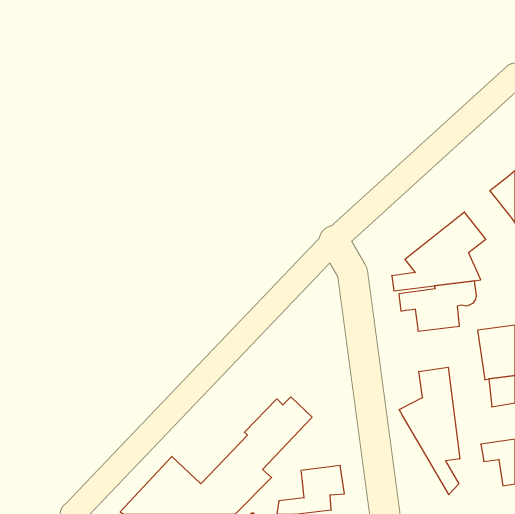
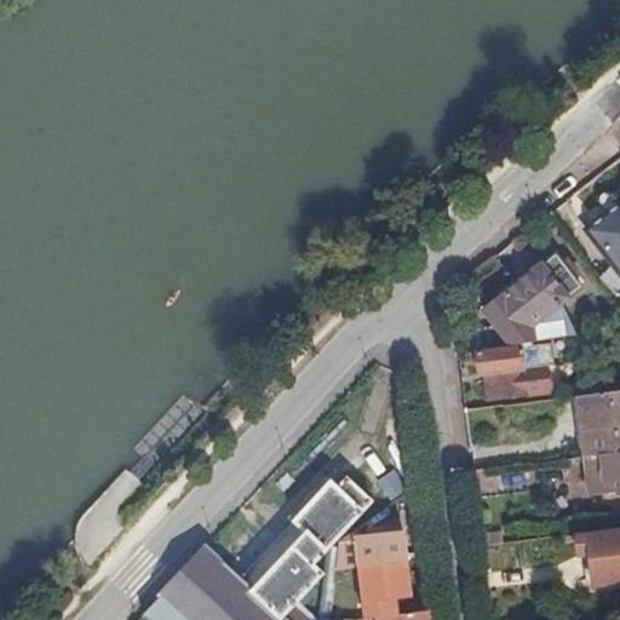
building: [399,367,460,495] -> none
building: none -> [338,533,408,567]

